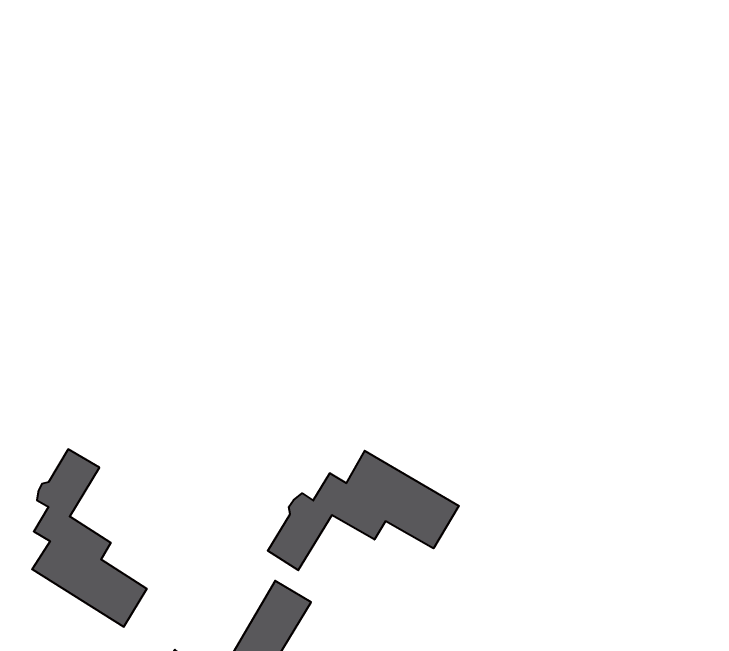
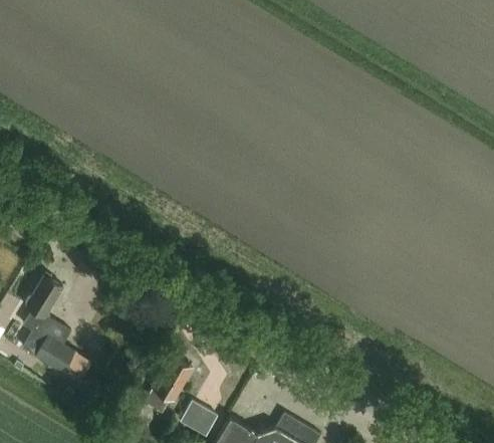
building: [268,451,459,570] -> none

